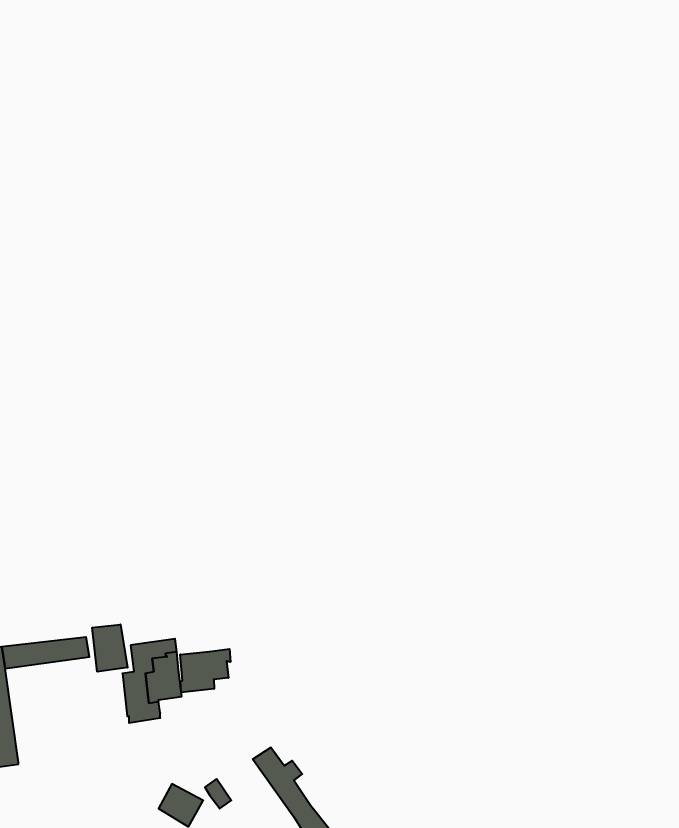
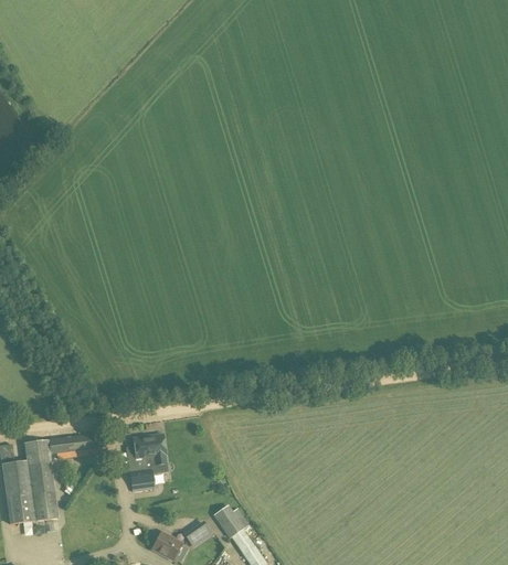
building: [92,624,128,672] -> none
building: [180,649,230,693] -> none

